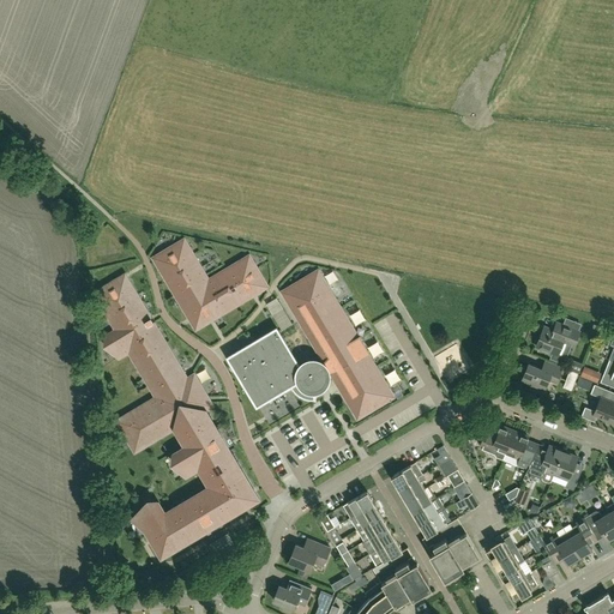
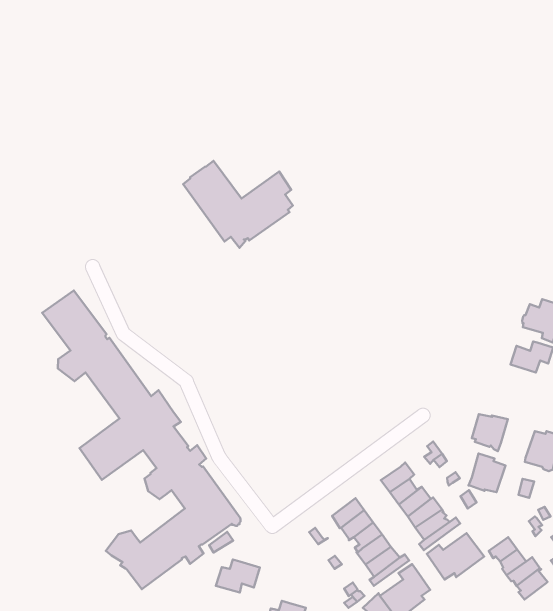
building: [156,243,255,326] -> [183,161,293,248]
building: [228,271,393,419] -> none
building: [502,432,538,469] -> [469,454,506,492]
building: [289,540,331,571] -> [216,560,260,593]

